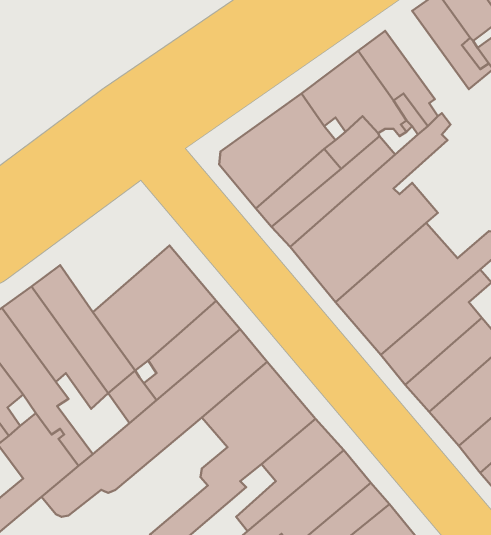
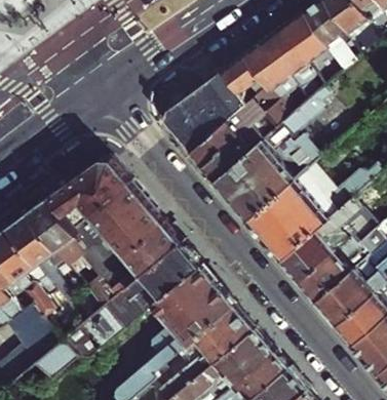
building: none -> [282,12,343,88]
building: none -> [47,160,126,230]

